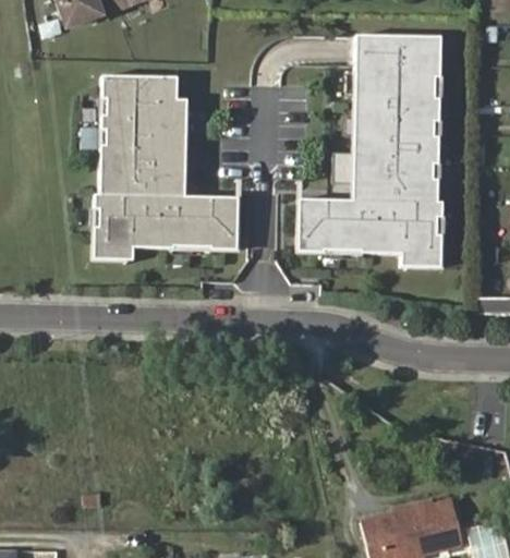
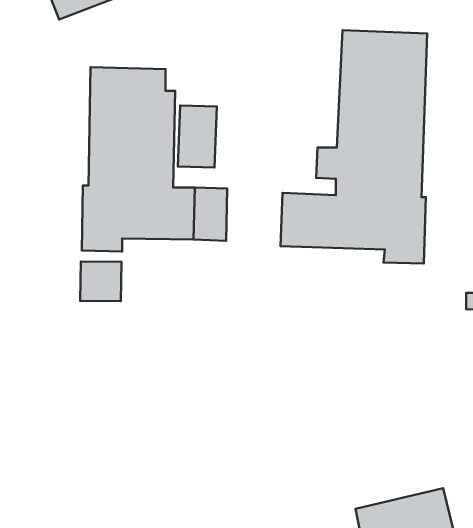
building: none -> [178,106,217,167]
building: none -> [80,261,122,301]

